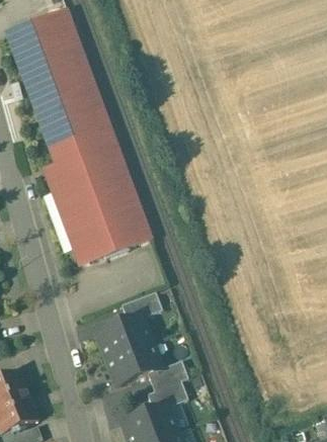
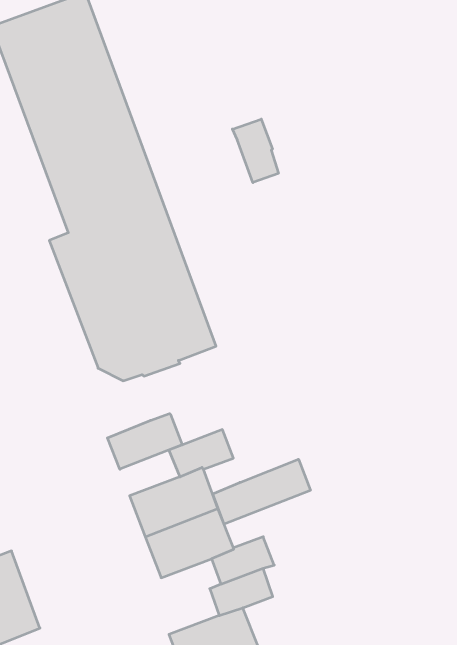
building: none -> [232,119,278,183]
building: none -> [107,414,182,469]
building: none -> [213,459,310,524]

